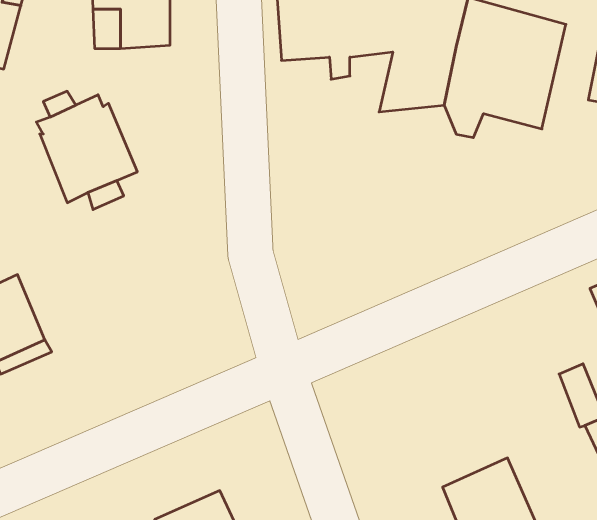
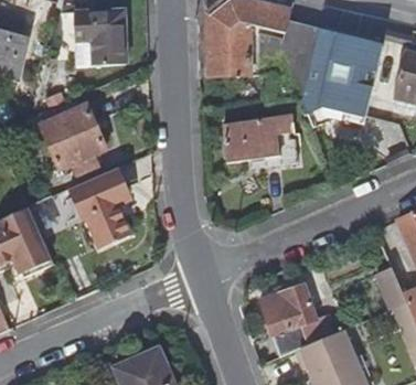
building: none -> [232,115,302,159]
building: none -> [64,171,126,247]
building: none -> [267,278,351,354]

